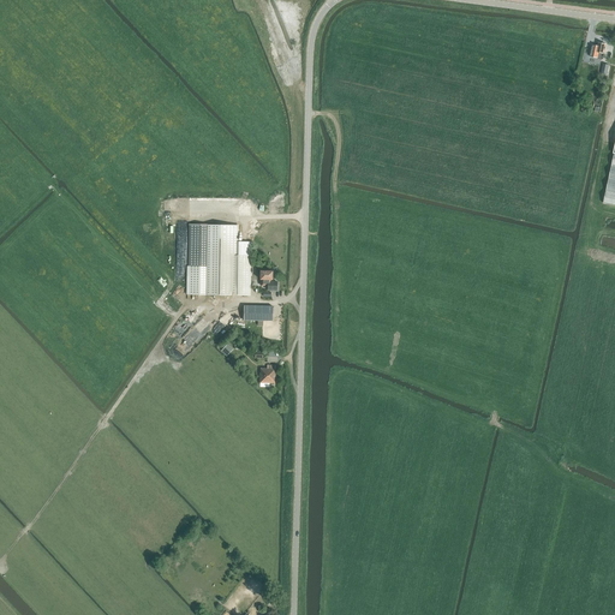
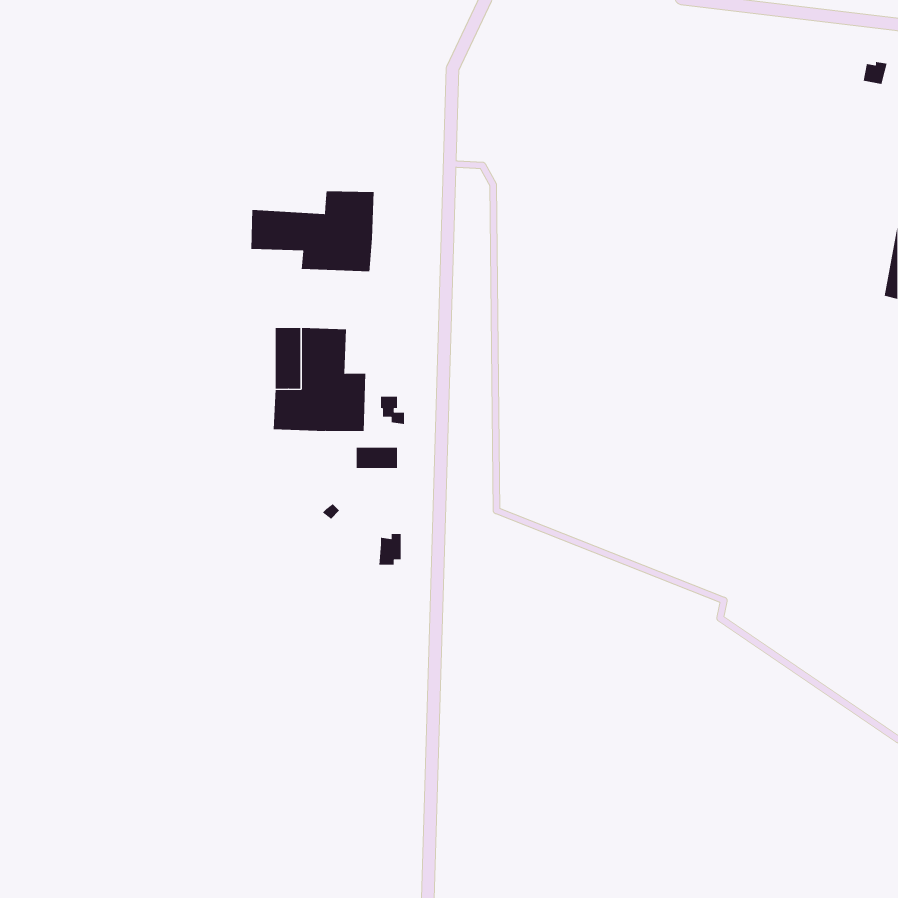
building: none -> [251,190,374,272]

